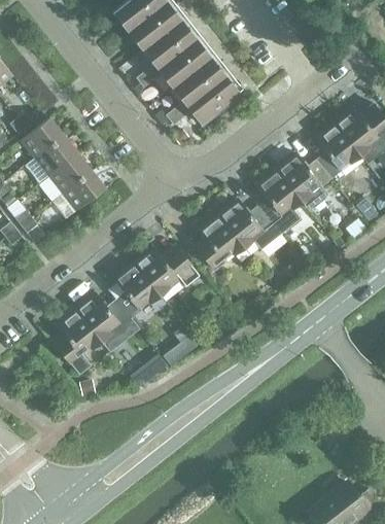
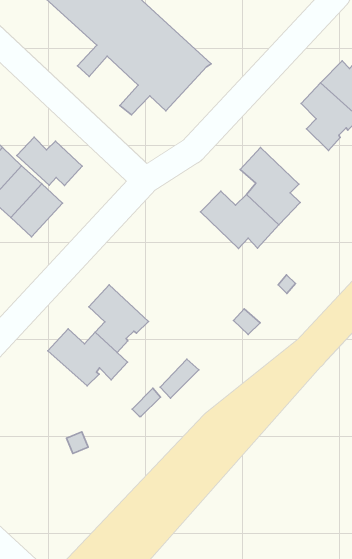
building: none -> [17,137,82,185]
building: [276,153,331,212] -> none
building: [199,214,245,272] -> none
building: [134,244,200,298] -> none
building: [56,309,103,376] -> none

